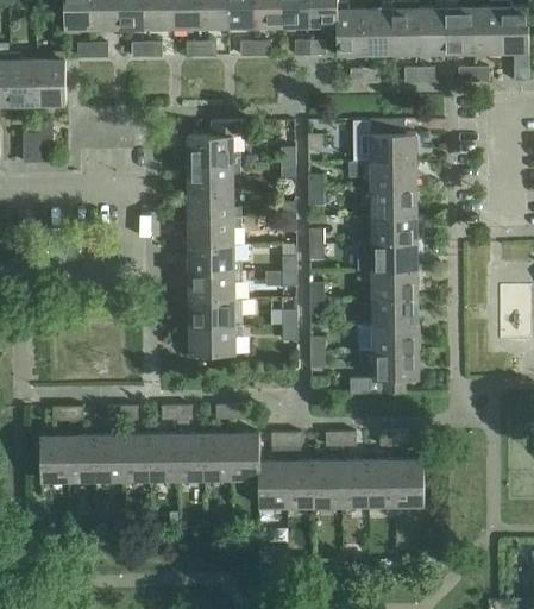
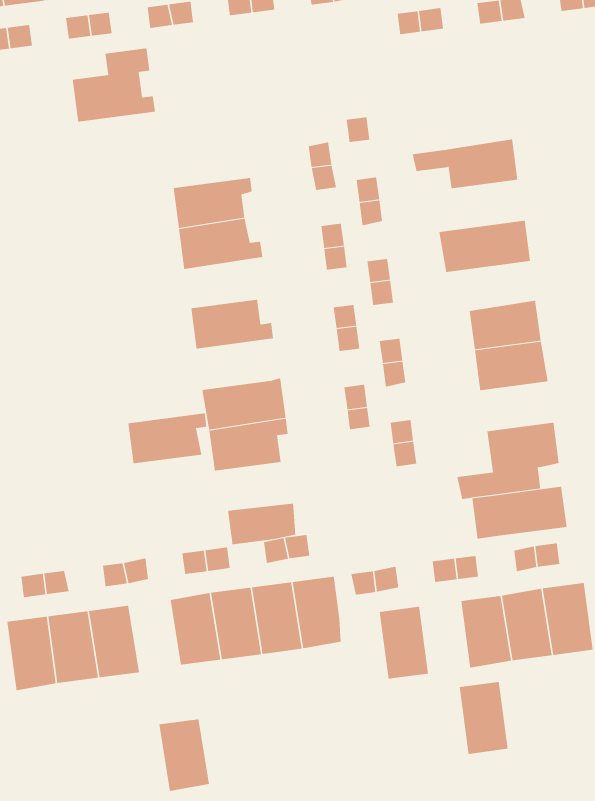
building: [369,119,415,163] -> none
building: [187,121,239,164] -> [72,48,156,122]
building: [370,189,416,216] -> none
building: [187,218,240,245] -> none
building: [357,244,416,271] -> none
building: [188,272,240,300] -> [127,413,207,464]
building: [357,325,417,352] -> [472,486,567,539]
building: none -> [227,503,296,545]
building: [121,435,150,481] -> [158,719,210,791]
building: [258,462,285,507] -> none
building: [313,462,340,507] -> [459,682,508,754]

